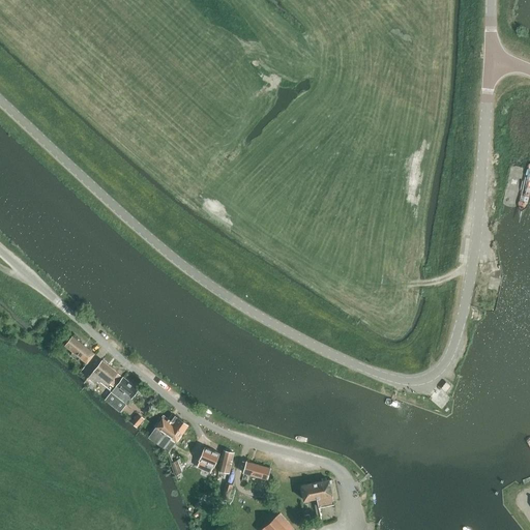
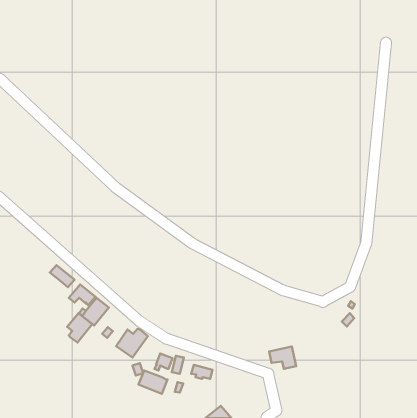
building: none -> [67,313,92,343]
building: none -> [138,370,168,394]
building: [299,479,333,507] -> [269,347,296,369]

